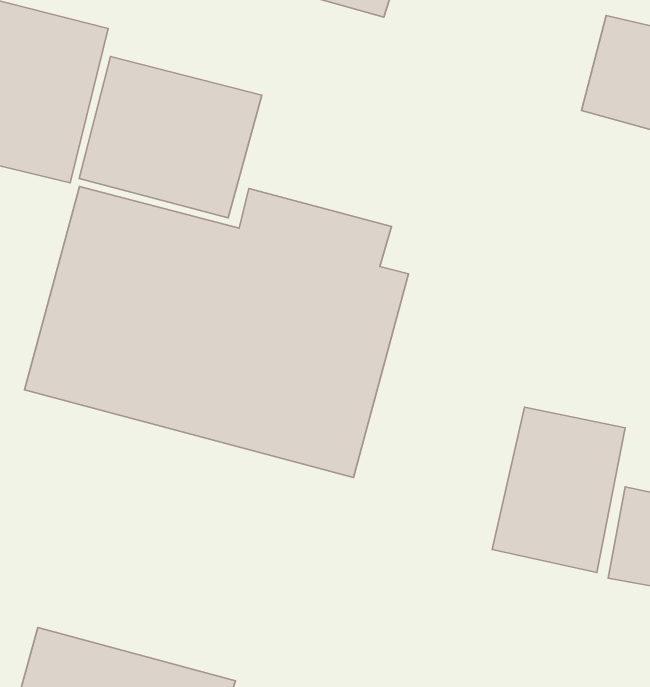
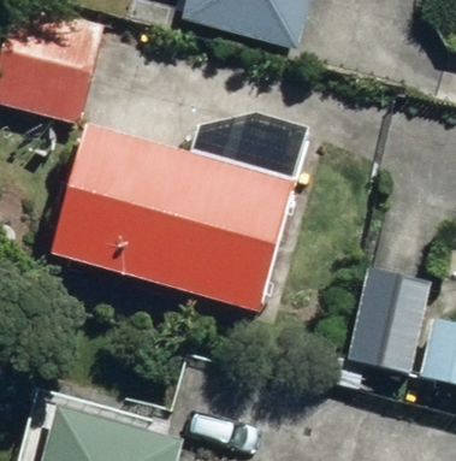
building: [79,56,262,218] -> none

